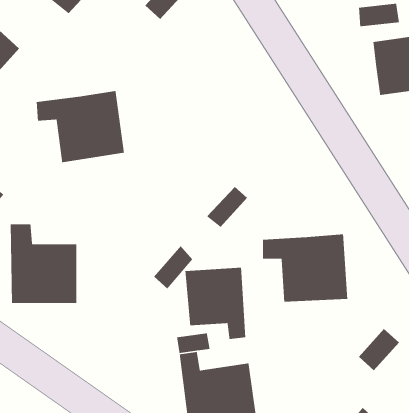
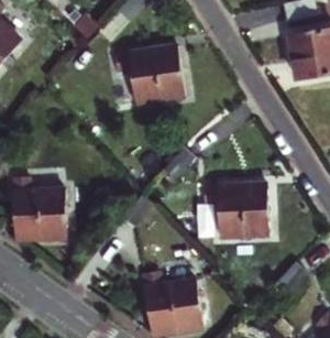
building: [36,90,125,163] -> [116,46,184,102]
building: [185,267,246,340] -> none

